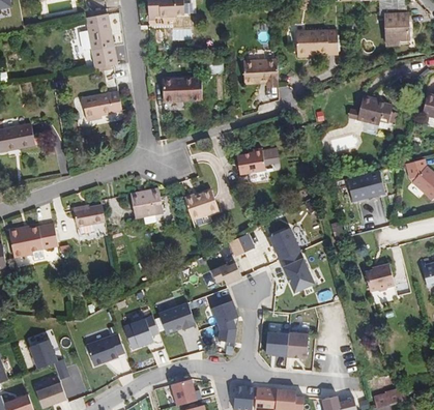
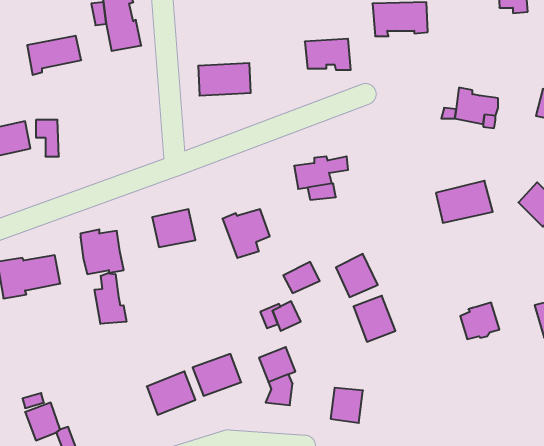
building: [81,92,122,122] -> [27,36,81,75]
building: none -> [95,273,126,324]
building: [286,329,309,356] -> none
building: [87,332,126,364] -> none

